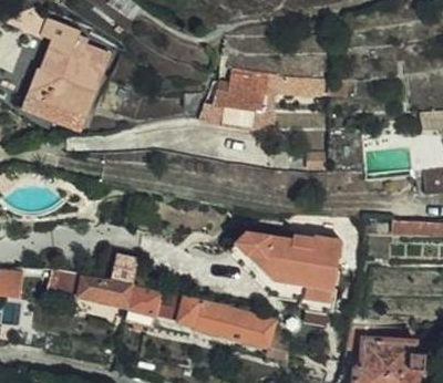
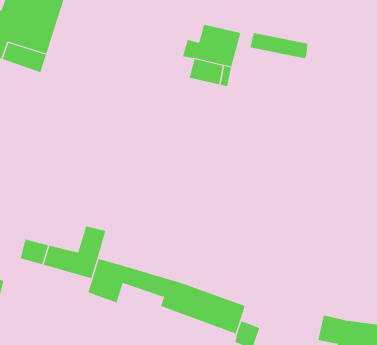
building: [246,228,353,304] -> none

